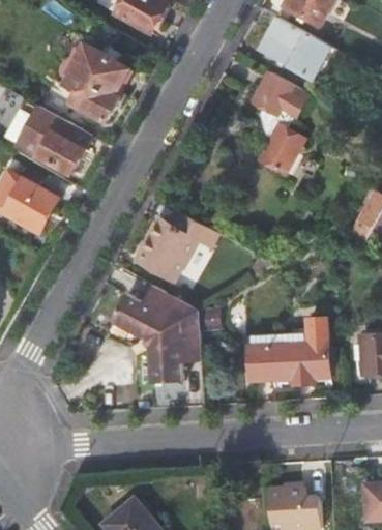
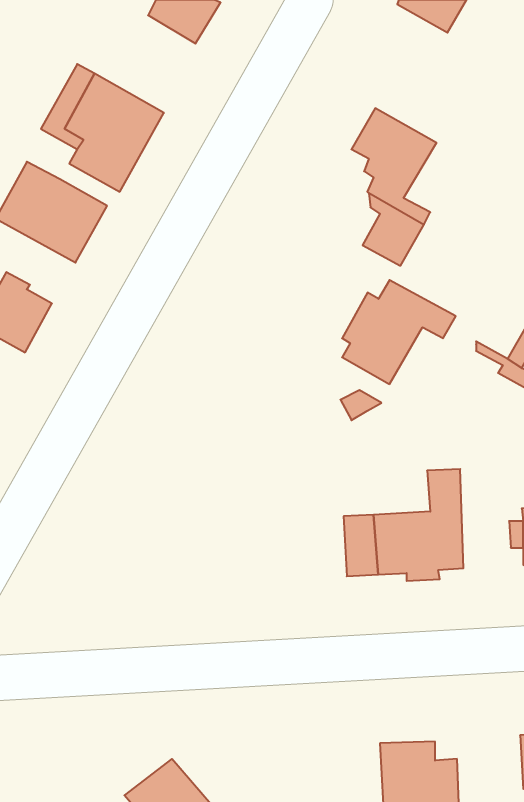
building: [257,18,327,79] -> none
building: [144,211,218,279] -> [342,280,456,384]
building: [111,287,200,380] -> none

